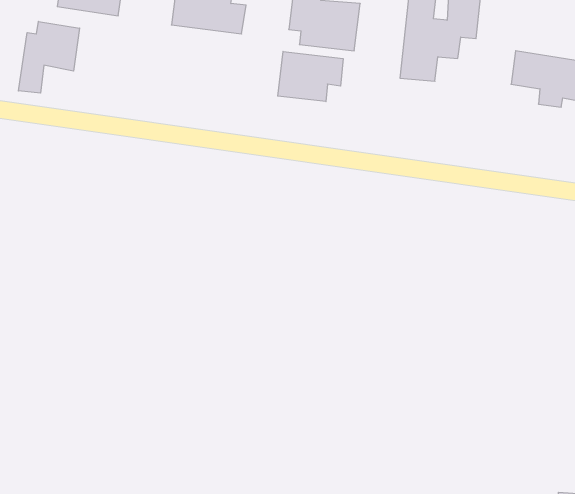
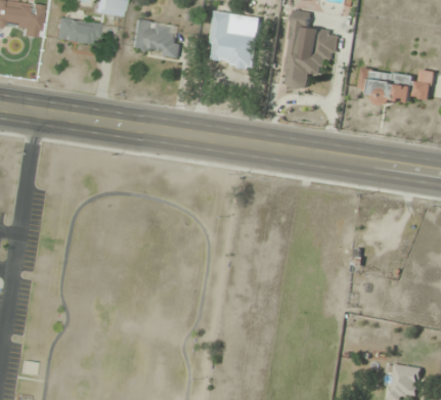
building: [18,21,80,93] -> none
building: [278,51,343,102] -> none

